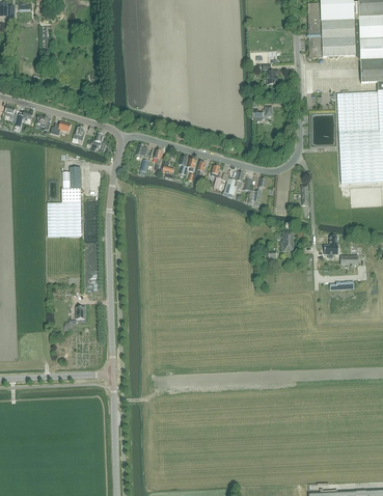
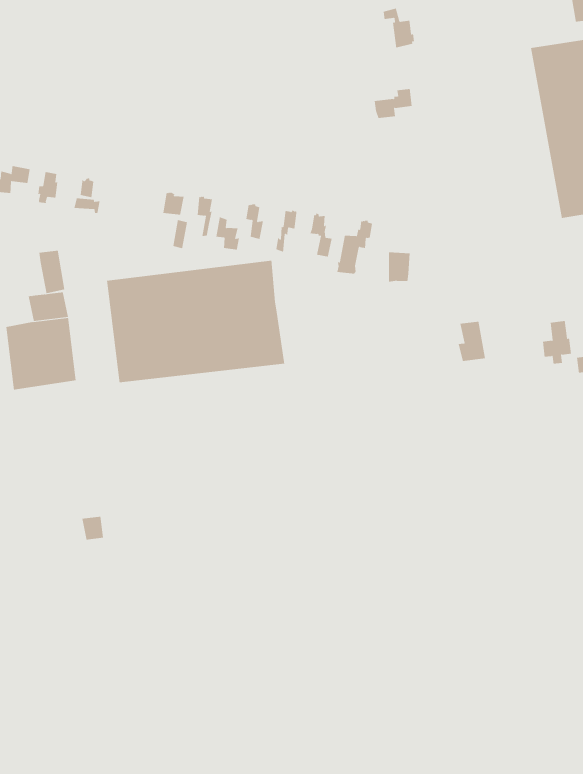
building: none -> [106,260,285,383]

